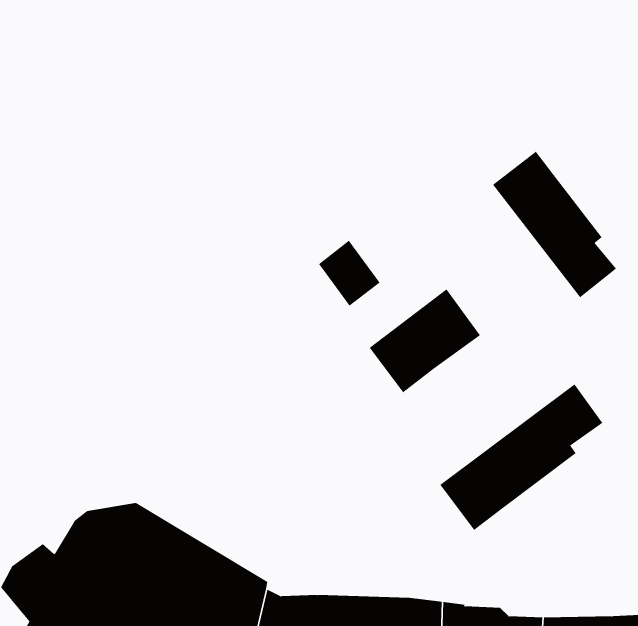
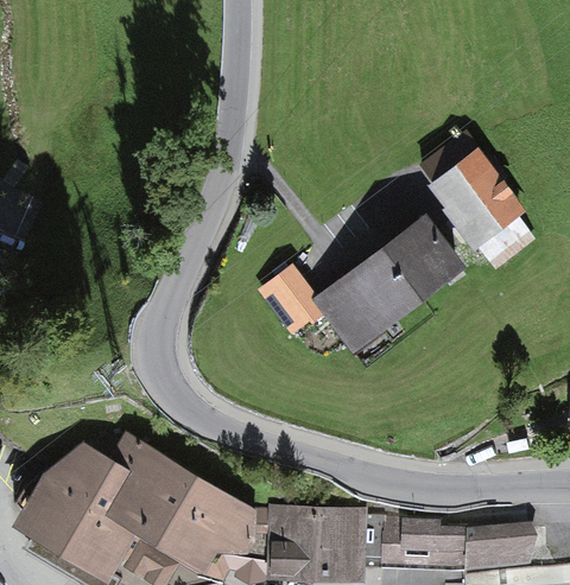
building: [318,240,380,307] -> [267,278,319,333]
building: none -> [391,230,457,298]
building: [439,383,603,531] -> none

